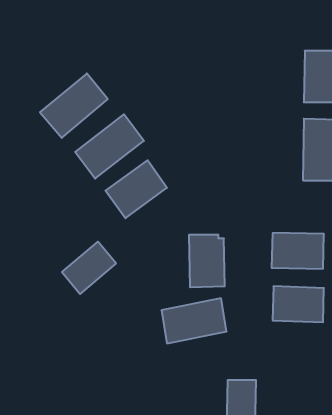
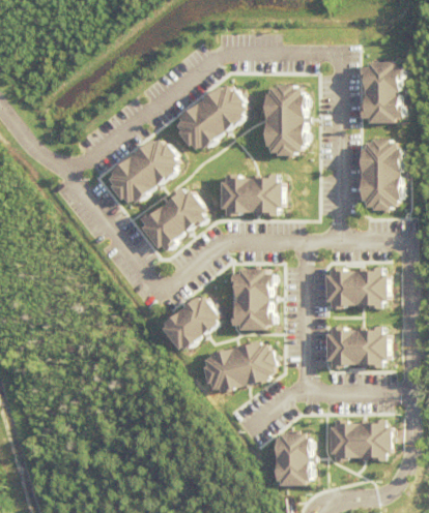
building: none -> [263,85,305,154]
building: [40,73,108,138] -> [172,81,249,153]
building: none -> [221,174,280,214]
building: [62,242,116,294] -> [160,294,221,353]
building: none -> [330,420,387,461]

